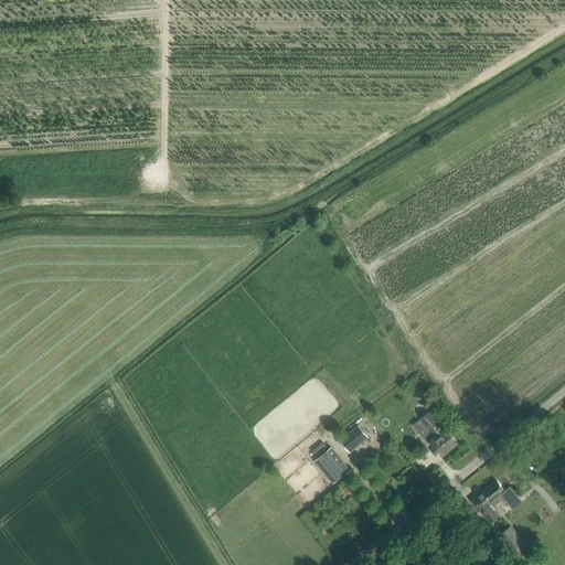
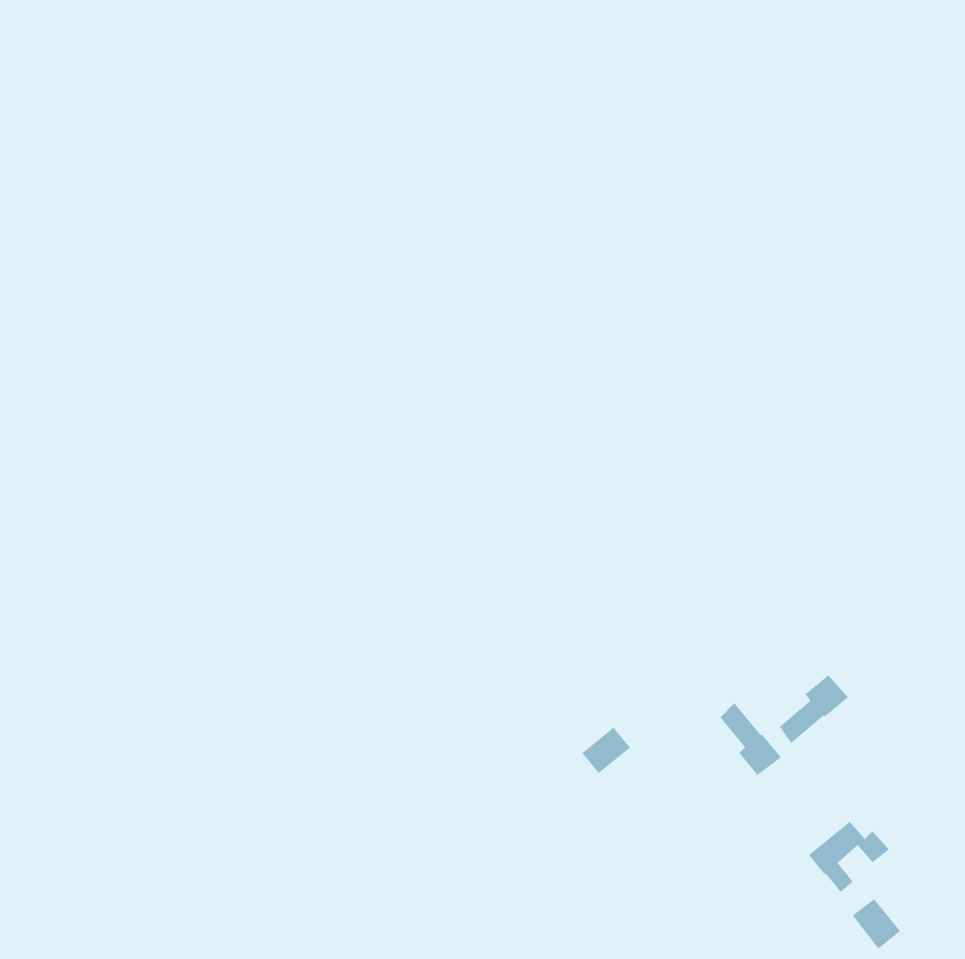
building: none -> [779,675,849,744]
building: [315,450,350,486] -> none

